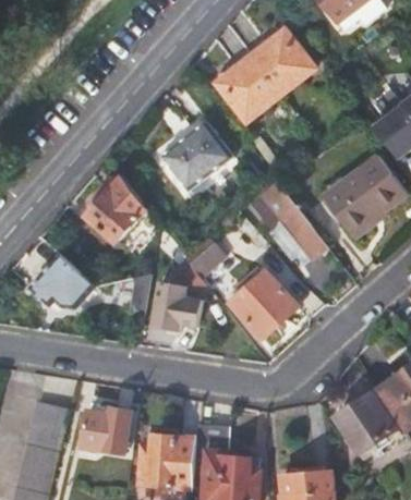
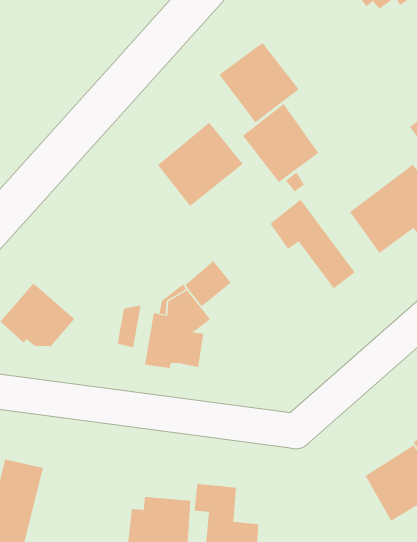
building: [251,27,315,94] -> [242,103,319,183]
building: [85,175,146,243] -> none
building: [227,270,297,340] -> none
building: [77,407,128,456] -> none

